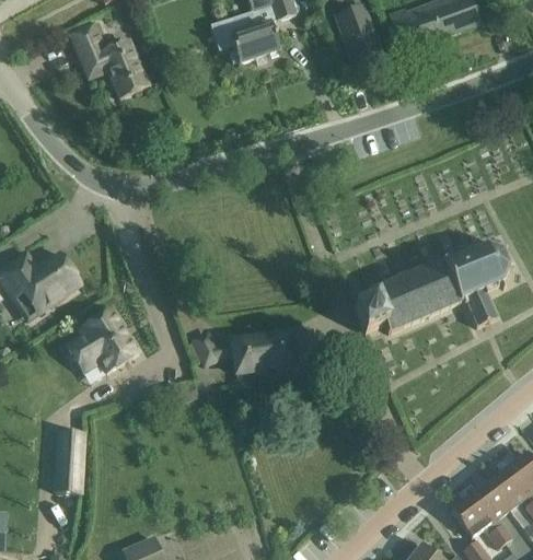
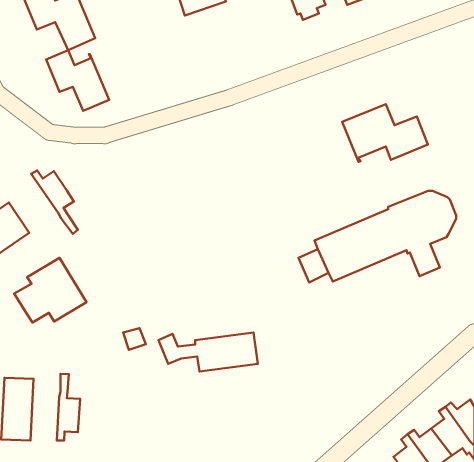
building: none -> [46,50,109,111]
building: none -> [342,104,428,162]
building: none -> [31,171,78,234]
building: [194,334,294,373] -> [158,333,258,372]
building: none -> [57,374,80,440]

